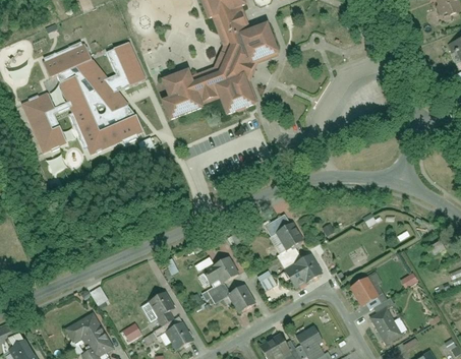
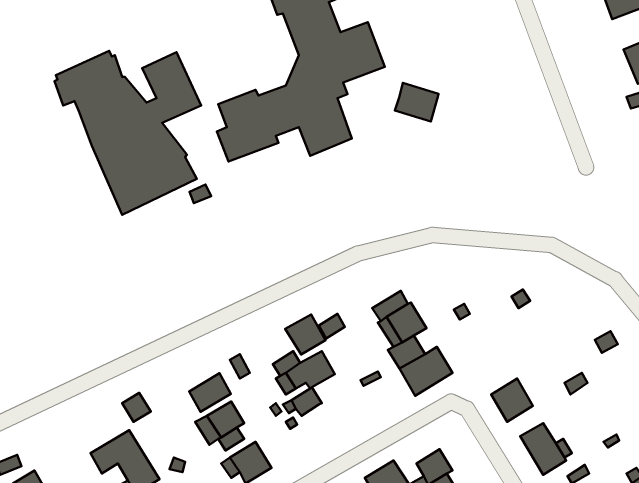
building: none -> [395,83,439,122]
building: [20,95,67,156] -> none
building: none -> [189,373,231,412]
building: [229,283,257,311] -> [285,314,326,355]

